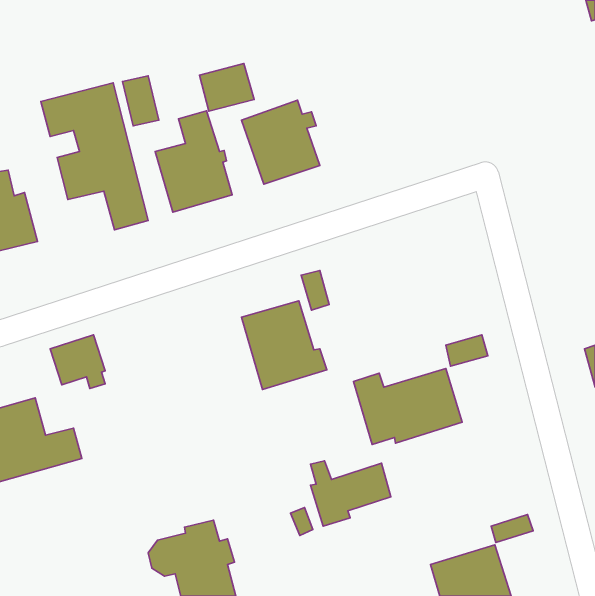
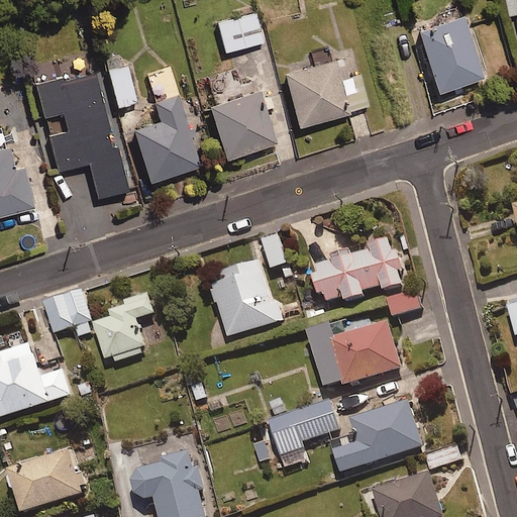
building: none -> [416,16,485,95]
building: none -> [283,49,368,128]
building: [199,63,254,111] -> [217,12,265,54]
building: none -> [310,235,403,303]
building: none -> [92,293,152,361]
building: none -> [333,399,422,472]
building: none -> [6,448,86,512]

